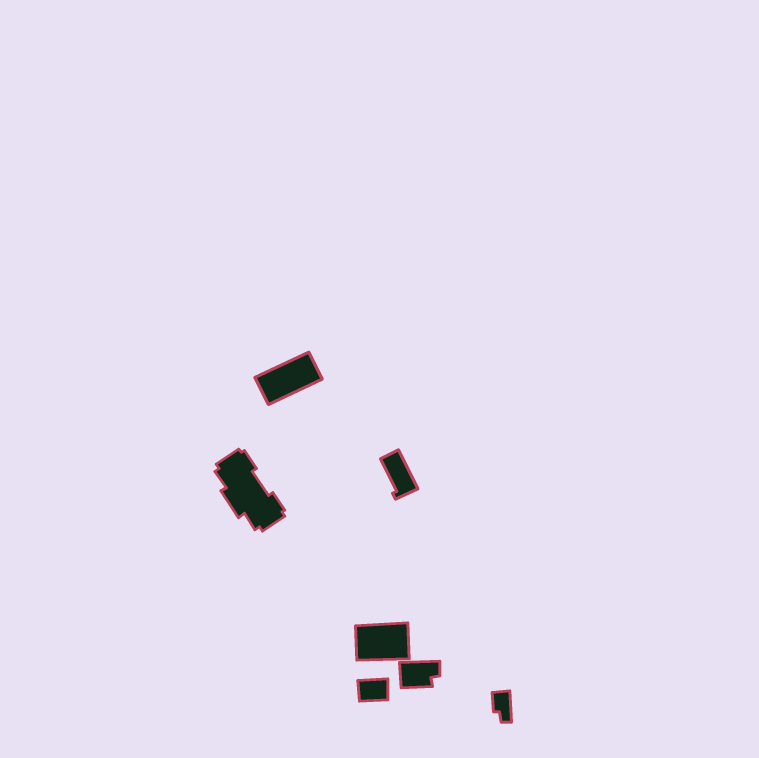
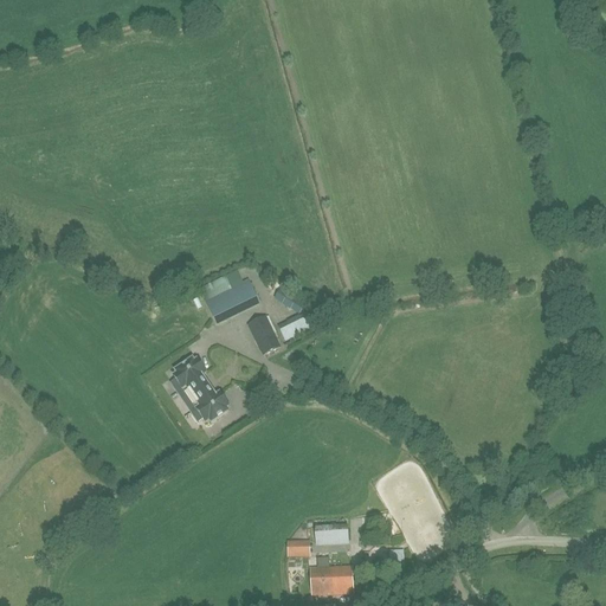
building: [381,450,418,499] -> [249,315,278,354]
building: [355,623,409,660] -> [308,565,350,594]

